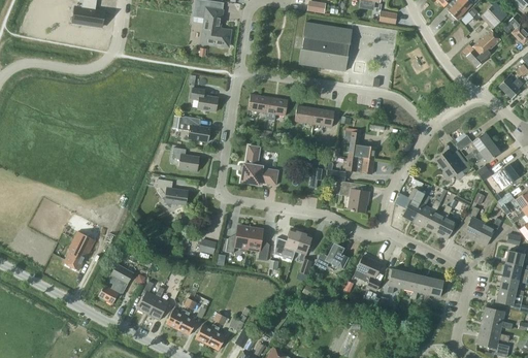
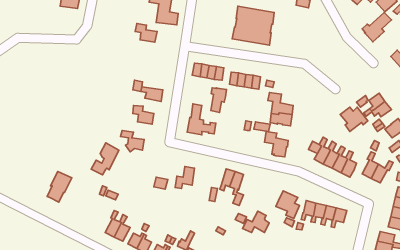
building: [191,88,219,111] -> [135,23,157,42]
building: none -> [211,88,227,112]
building: [248,227,269,261] -> none
building: [315,242,349,269] -> [242,211,269,232]
building: [98,263,133,303] -> [91,143,119,175]

